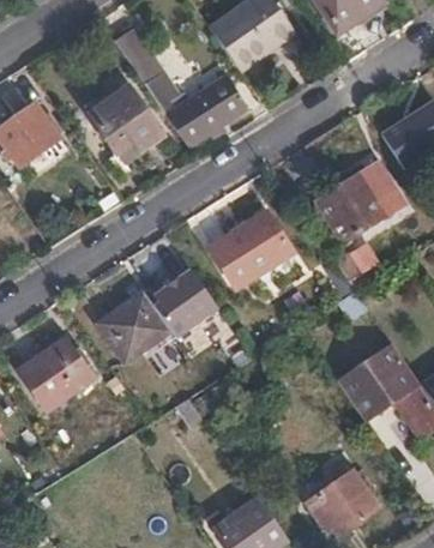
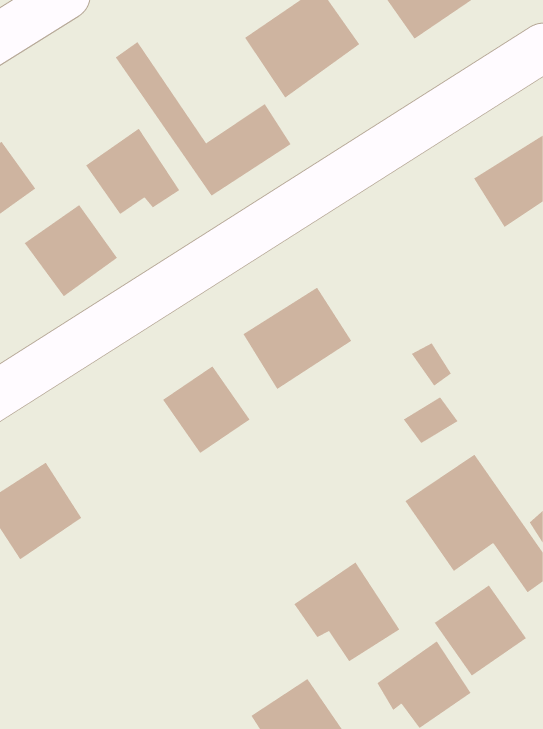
building: none -> [24,204,118,297]
building: [318,162,402,236] -> none
building: [98,293,170,361] -> none
building: none -> [294,561,400,662]
building: none -> [434,585,527,676]

